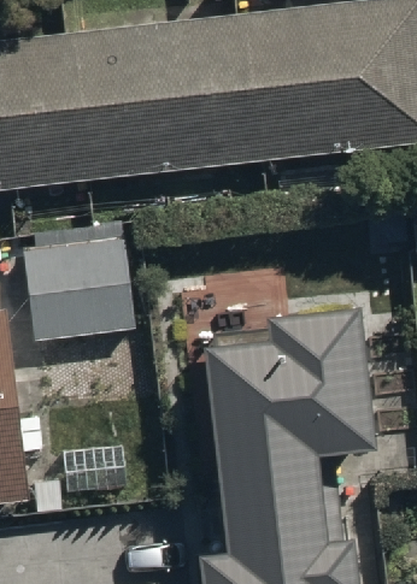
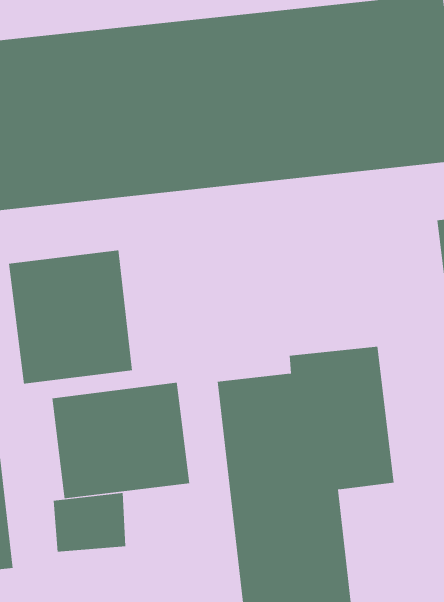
building: none -> [52,382,190,499]

